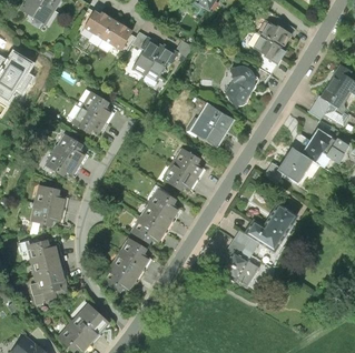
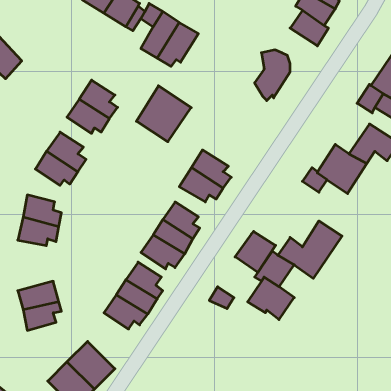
building: [189,102,234,148] -> [136,86,191,142]
building: none -> [235,231,276,272]
building: [28,240,61,262] -> none

